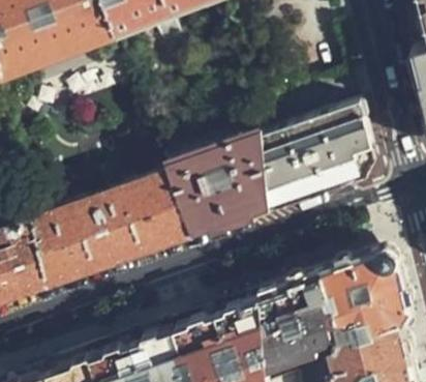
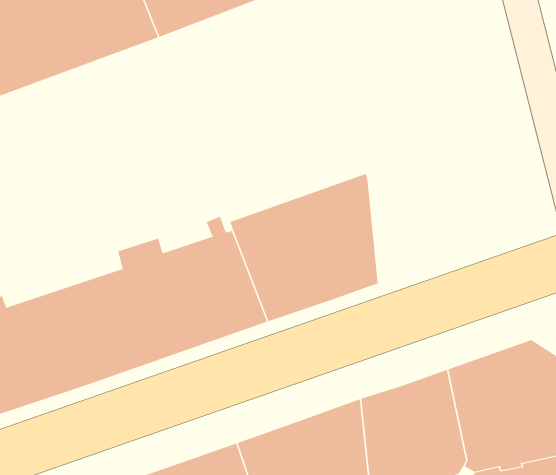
building: [261,105,370,211] -> none

